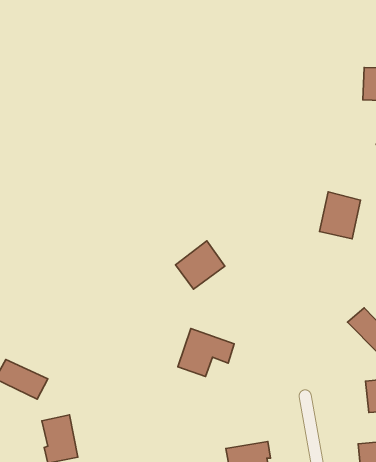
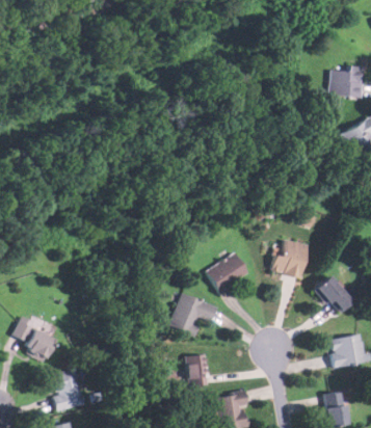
building: [320,192,360,239] -> [274,238,310,278]
building: [175,241,225,289] -> [207,251,249,293]
building: none -> [186,353,208,385]

